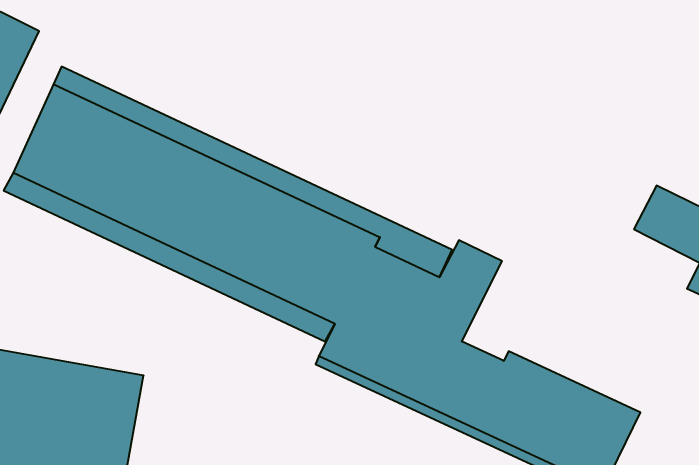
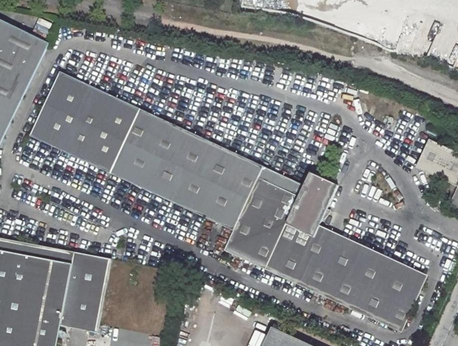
building: none -> [309,218,426,280]

